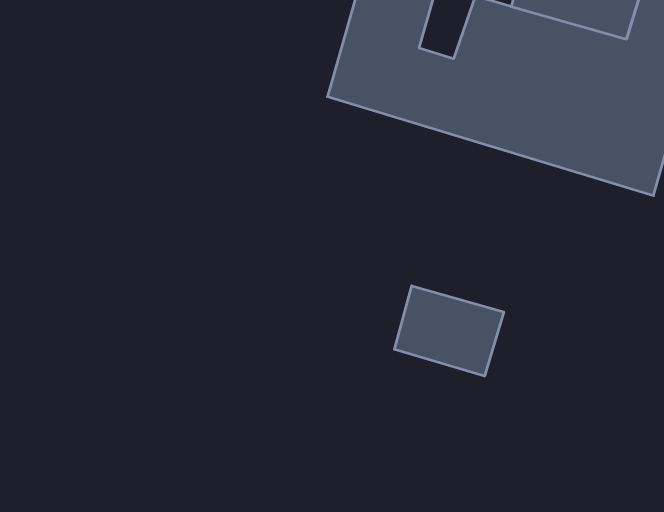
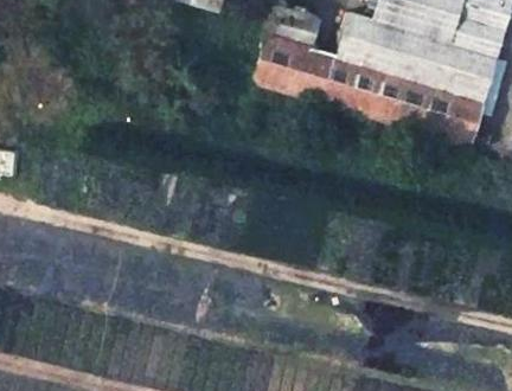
building: [394,286,504,376] -> none

